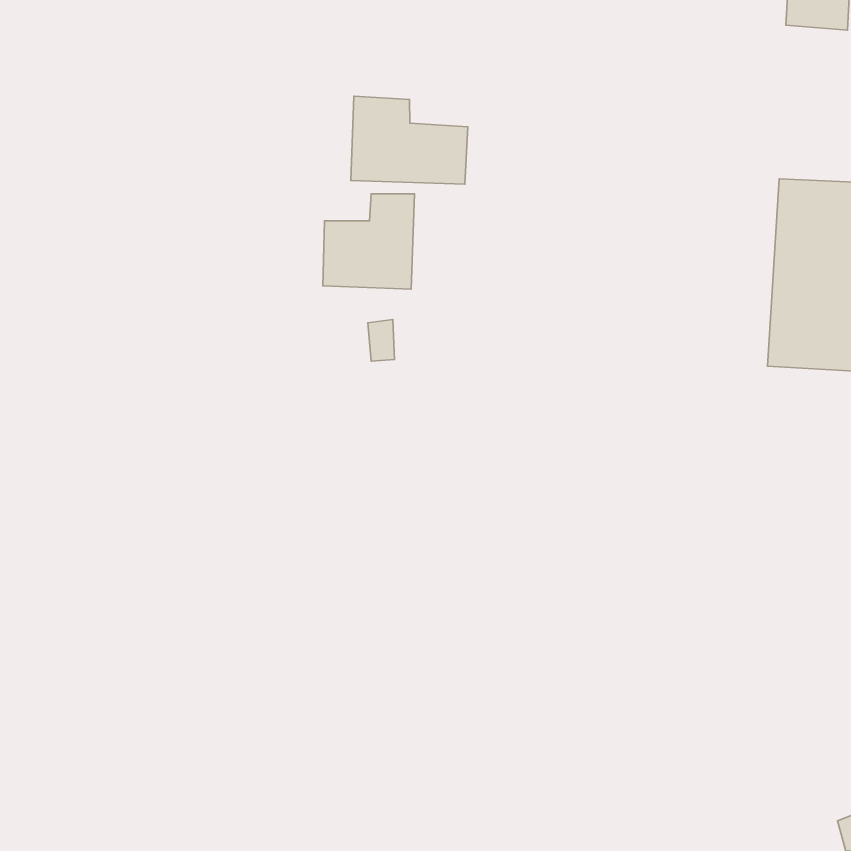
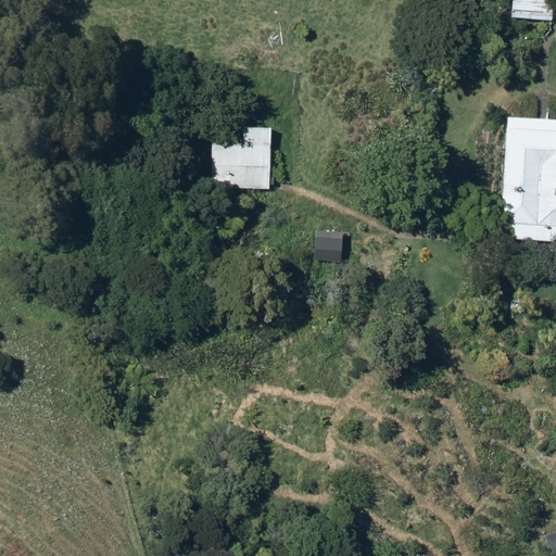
building: [351,96,468,184] -> none

